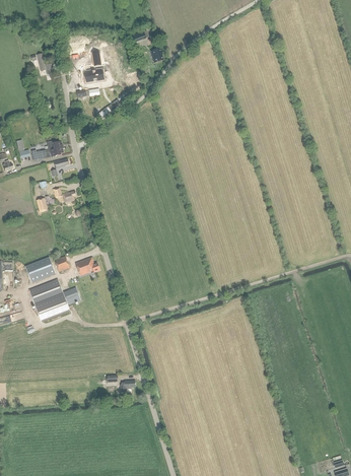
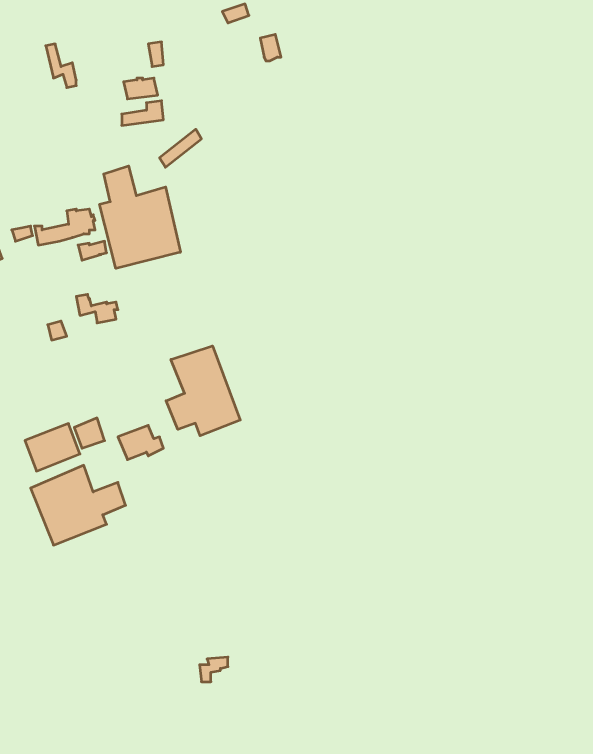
building: none -> [100,166,180,268]
building: none -> [166,346,240,436]

